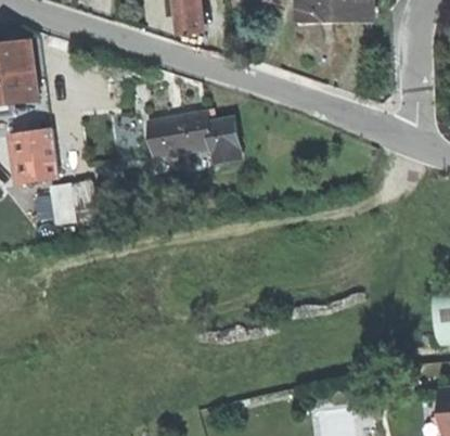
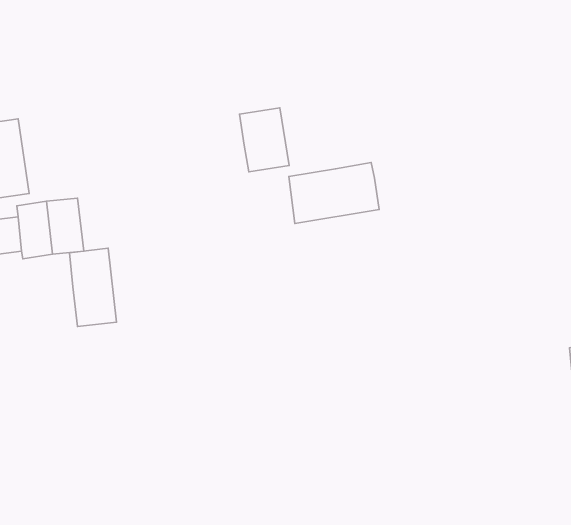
building: [145,113,208,155] -> [289,163,379,223]
building: none -> [69,248,116,327]

